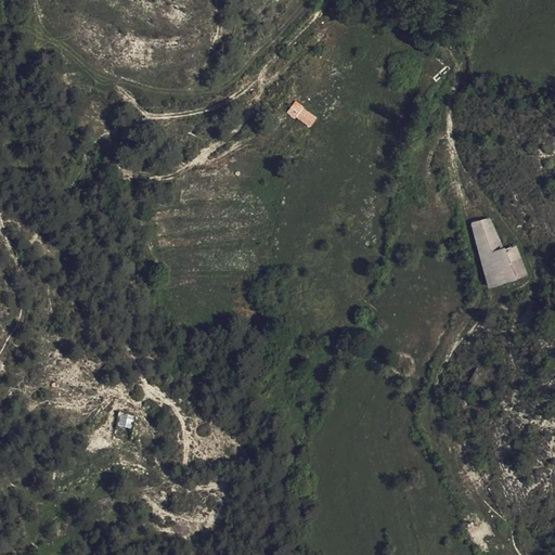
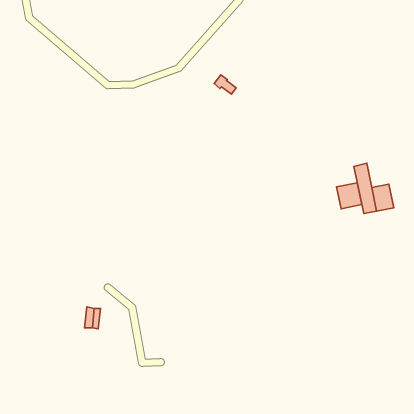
building: none -> [337,183,362,209]

